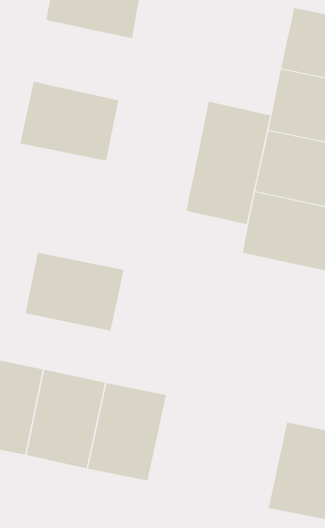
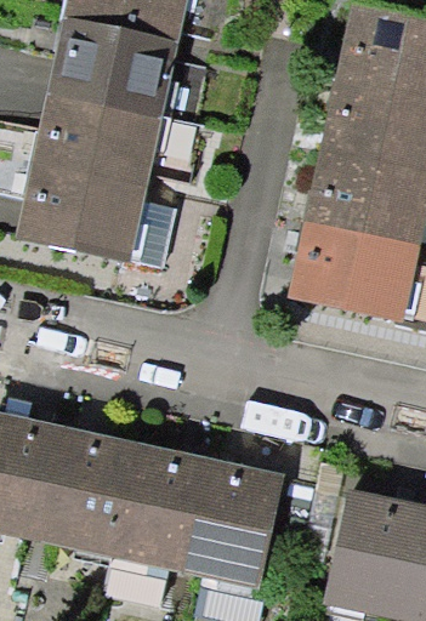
building: none -> [52,24,169,118]
building: [186,101,271,225] -> none
building: [25,252,125,331] -> [22,169,138,261]
building: none -> [187,462,280,579]

